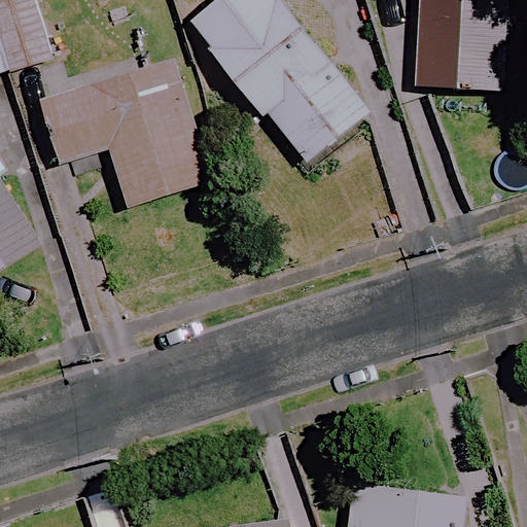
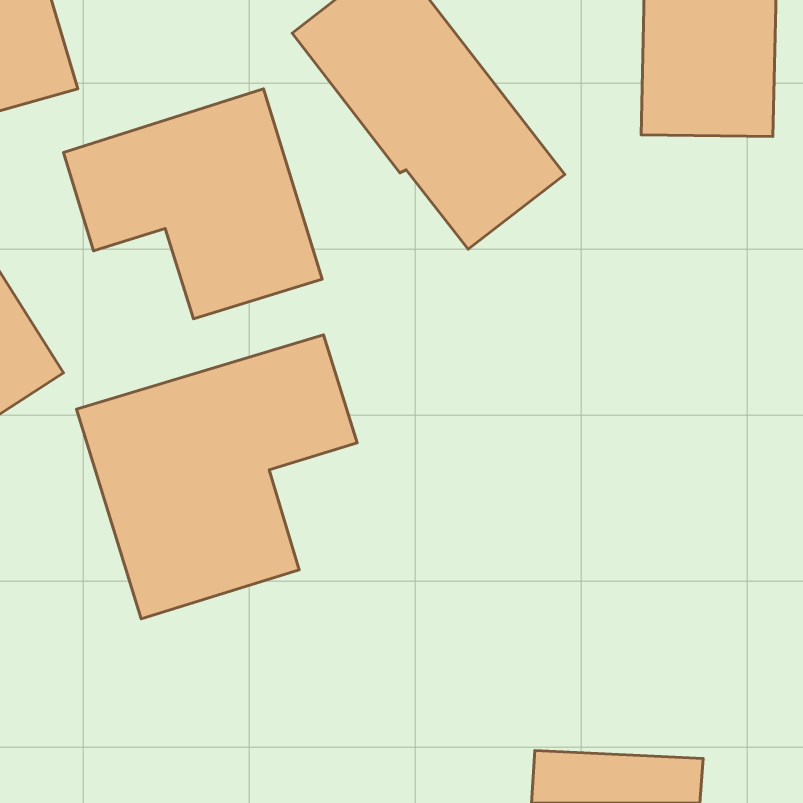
building: none -> [76,335,357,619]

